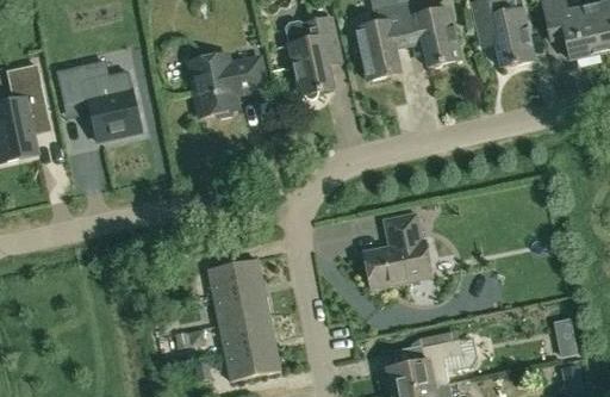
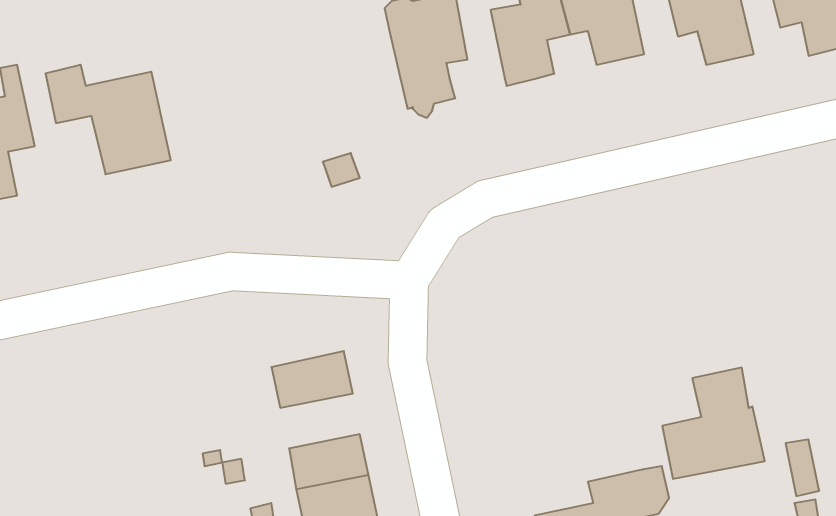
building: [188,52,266,117] -> none
building: [363,212,432,287] -> [662,368,765,479]
building: [214,286,268,323] -> none

